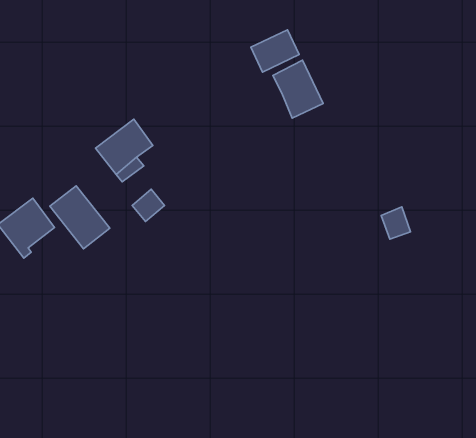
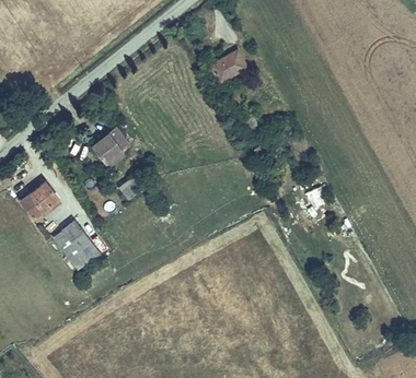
building: [273,60,323,118] -> none
building: [50,186,110,249] -> [55,218,100,265]

